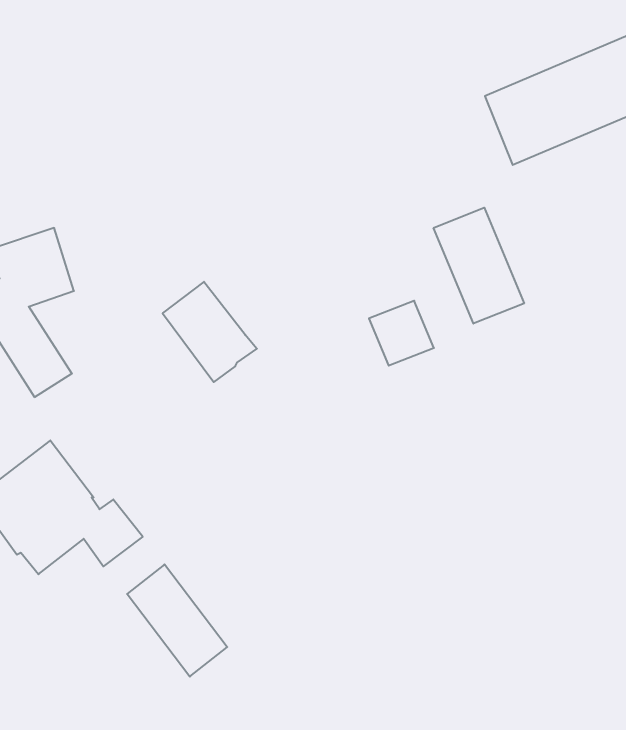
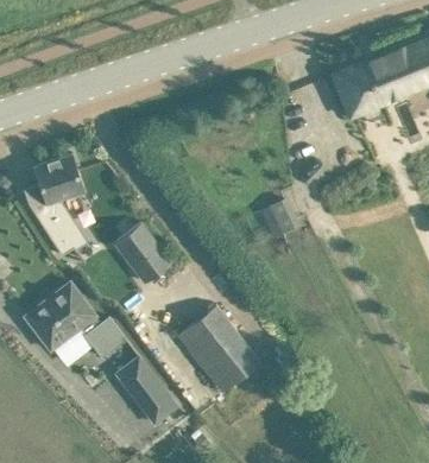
building: [434,208,524,324] -> none
building: [163,282,257,382] -> [115,223,172,284]
building: none -> [178,306,261,394]

